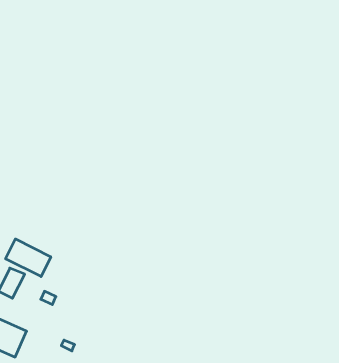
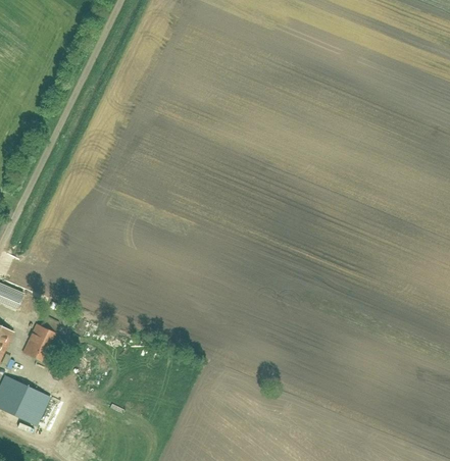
building: [6,239,51,277] -> none

